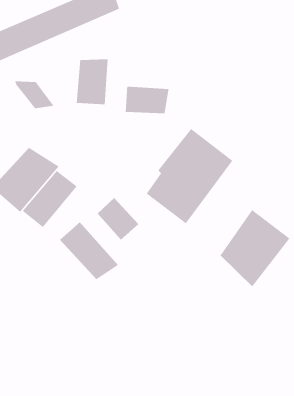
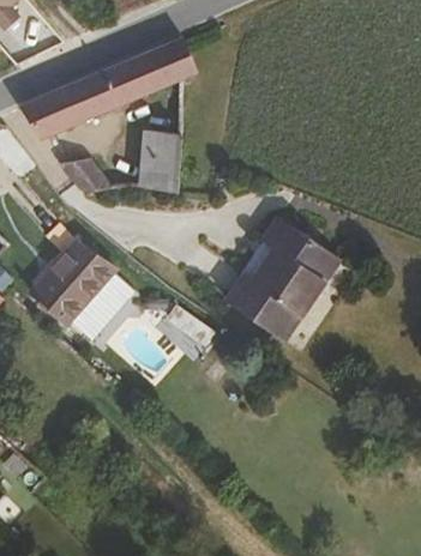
building: [125,86,169,114] -> none
building: [220,209,290,287] -> none
building: [59,221,119,280] -> none

